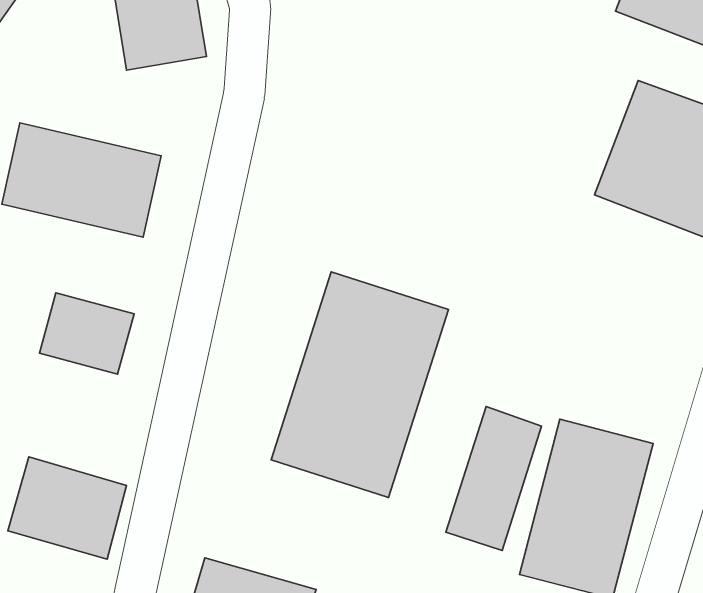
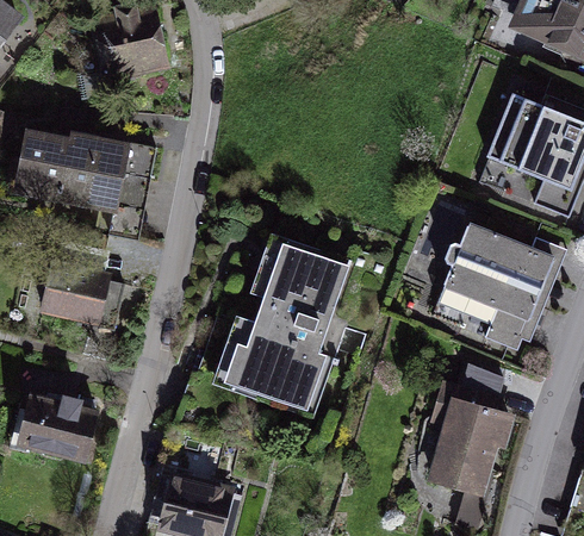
building: none -> [434,212,552,334]
building: [446,406,542,550] -> none

